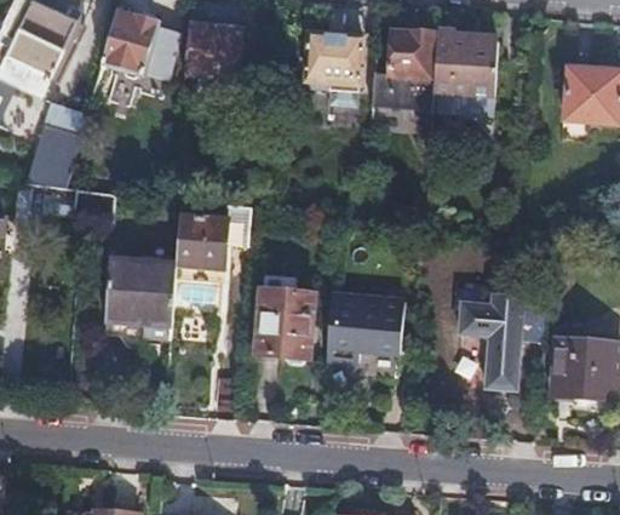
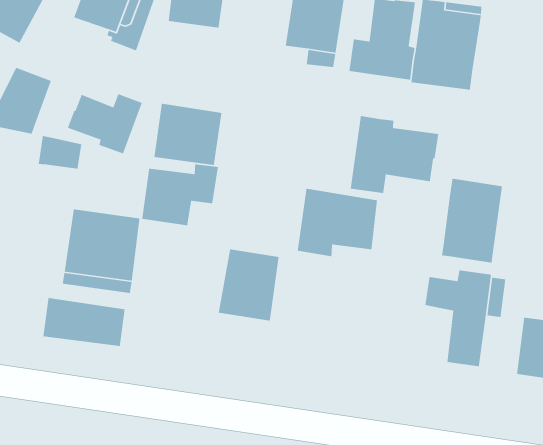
building: none -> [67,93,143,155]
building: none -> [350,115,439,194]
building: none -> [153,103,222,166]
building: none -> [441,178,503,264]
building: [327,294,403,361] -> [297,188,378,257]
building: none -> [42,297,126,347]

